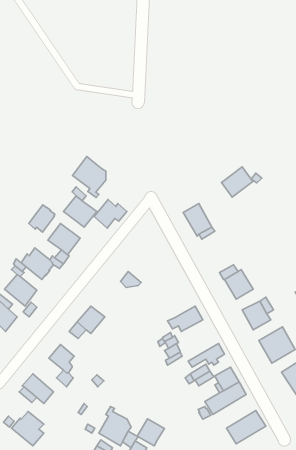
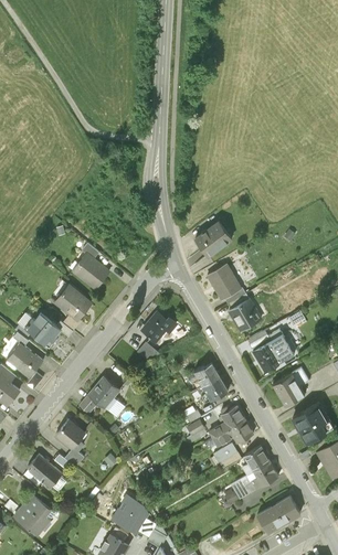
building: [73,157,106,198] -> none
building: [221,167,253,197] -> [194,221,230,255]
building: [94,200,127,228] -> [142,311,179,343]
building: [29,205,55,232] -> none
building: none -> [231,299,261,330]
building: none -> [188,364,221,392]
building: none -> [209,406,247,440]
building: [137,419,164,446] -> none

